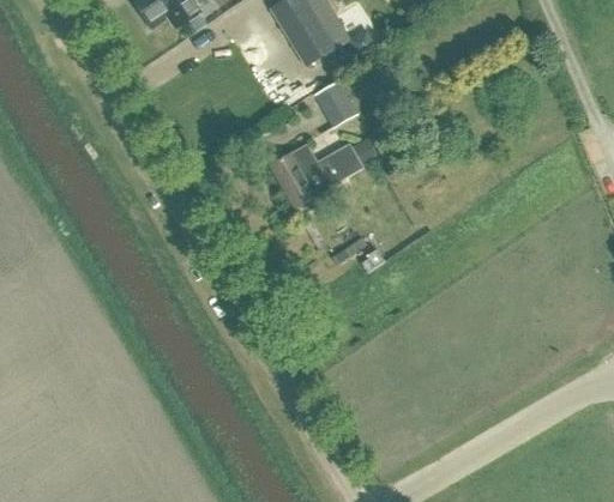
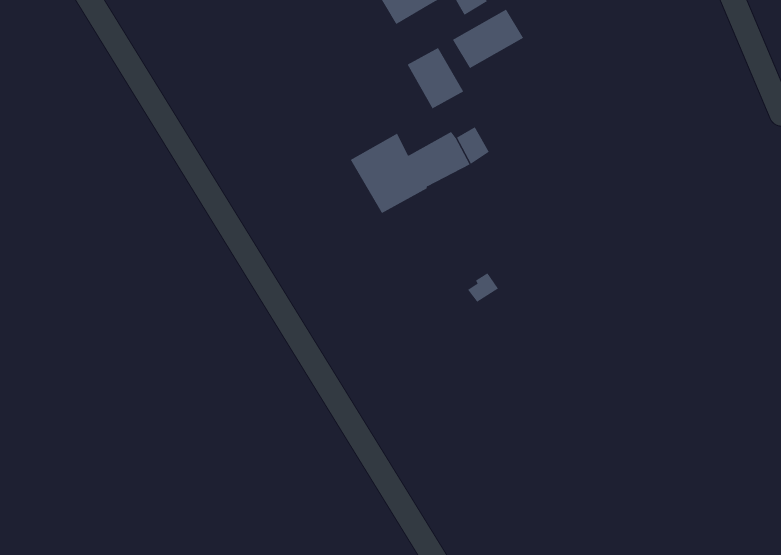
building: none -> [452,9,524,69]

